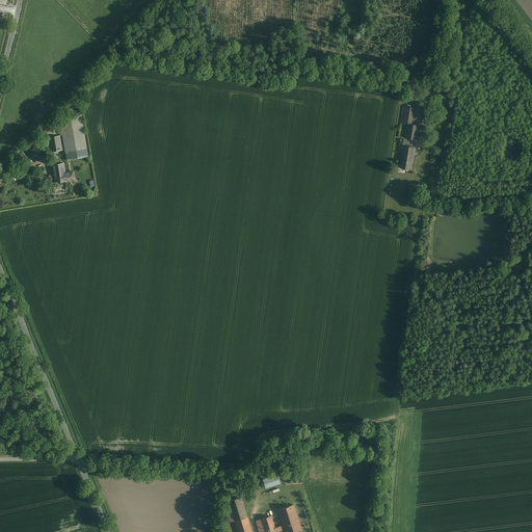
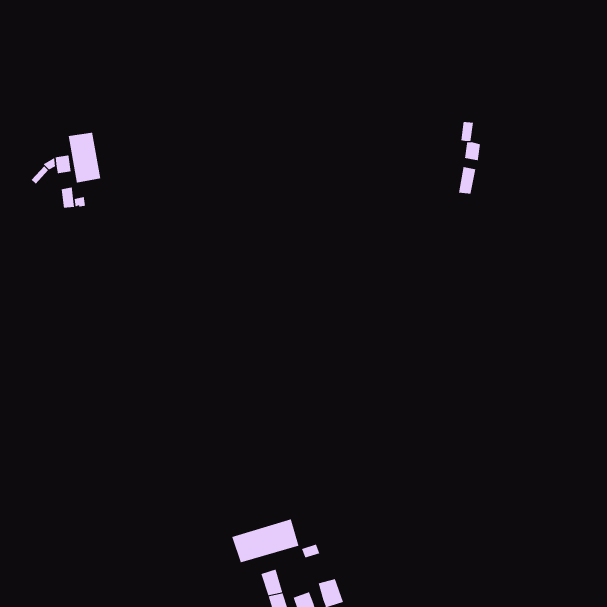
building: none -> [231,519,299,563]

